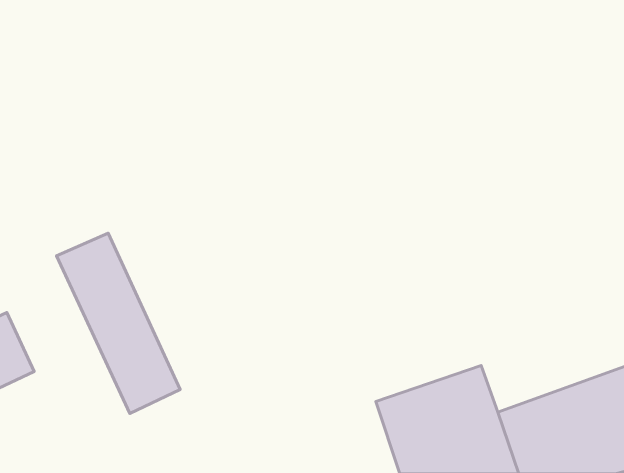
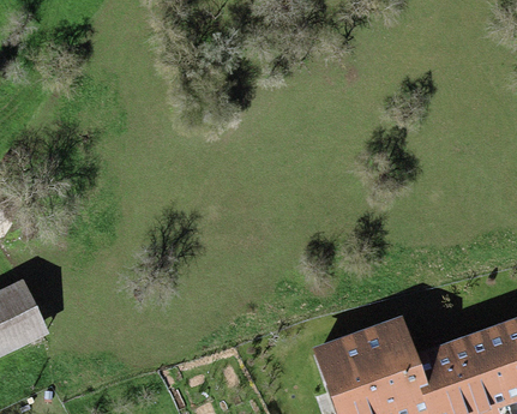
building: [57,233,180,413] -> none

